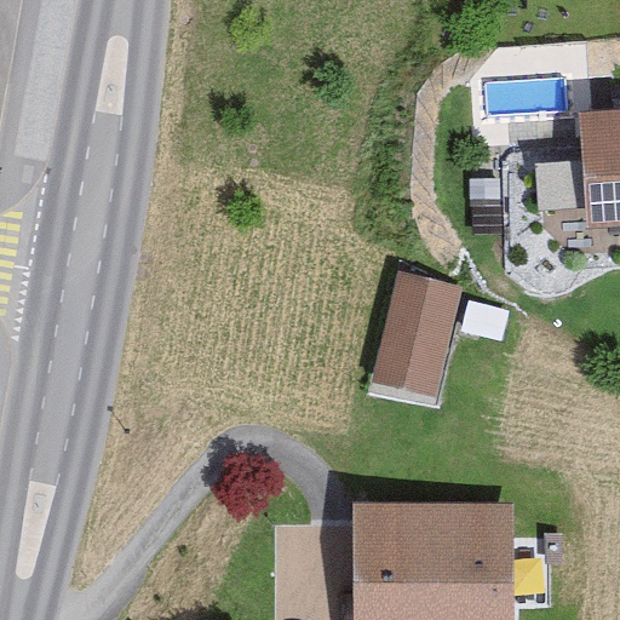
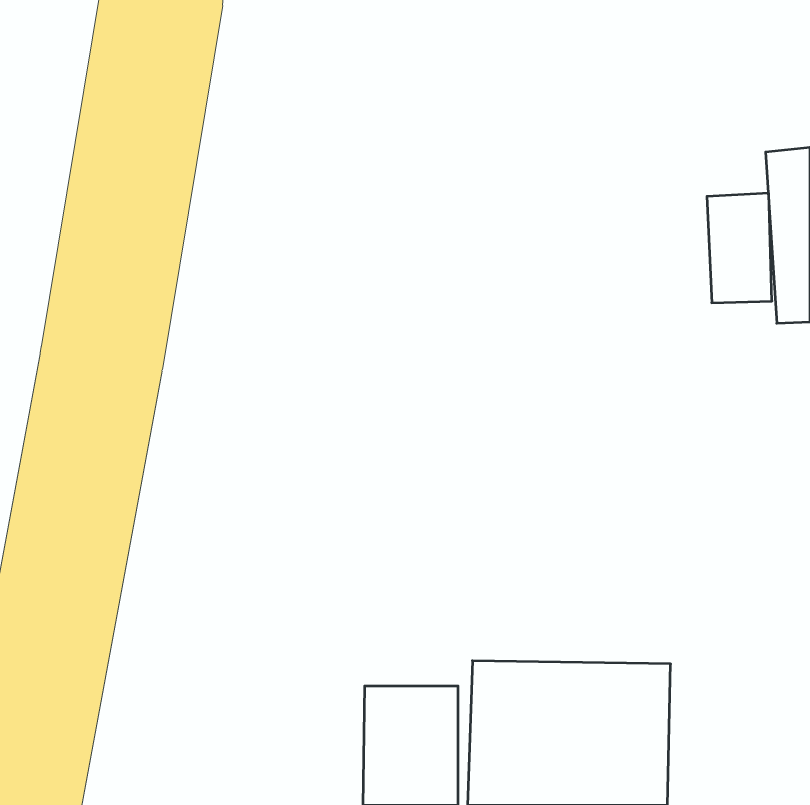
building: [374,275,459,396] -> none

